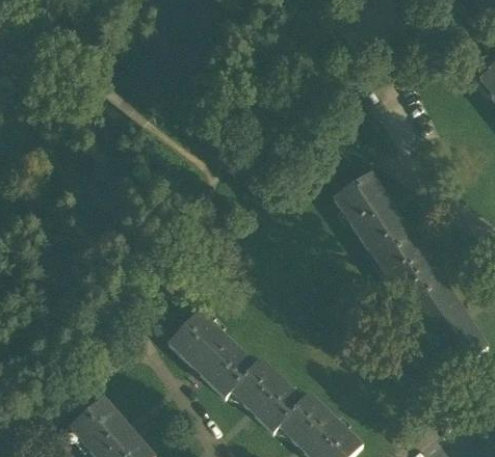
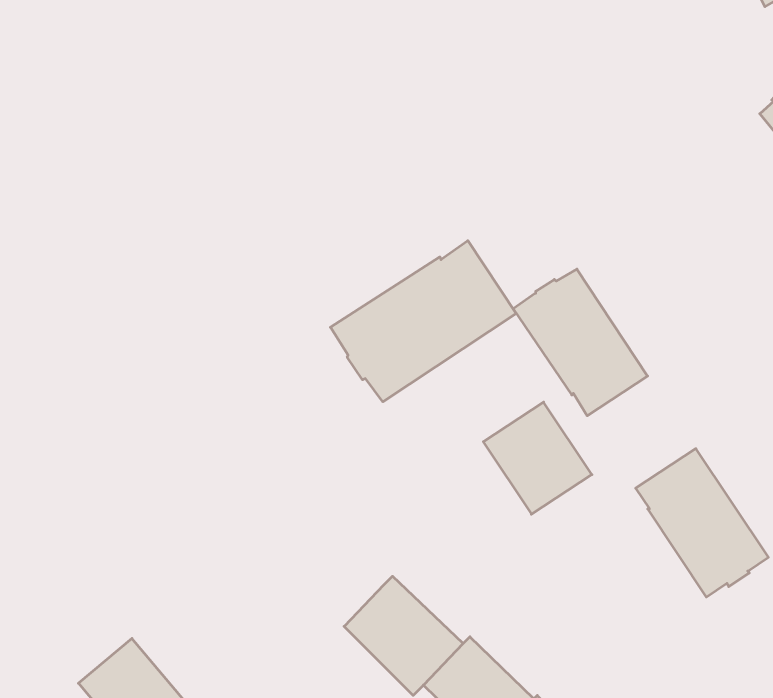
building: none -> [330,241,516,402]
building: [377,238,443,305] -> [483,402,592,514]
building: [170,311,255,395] -> none

